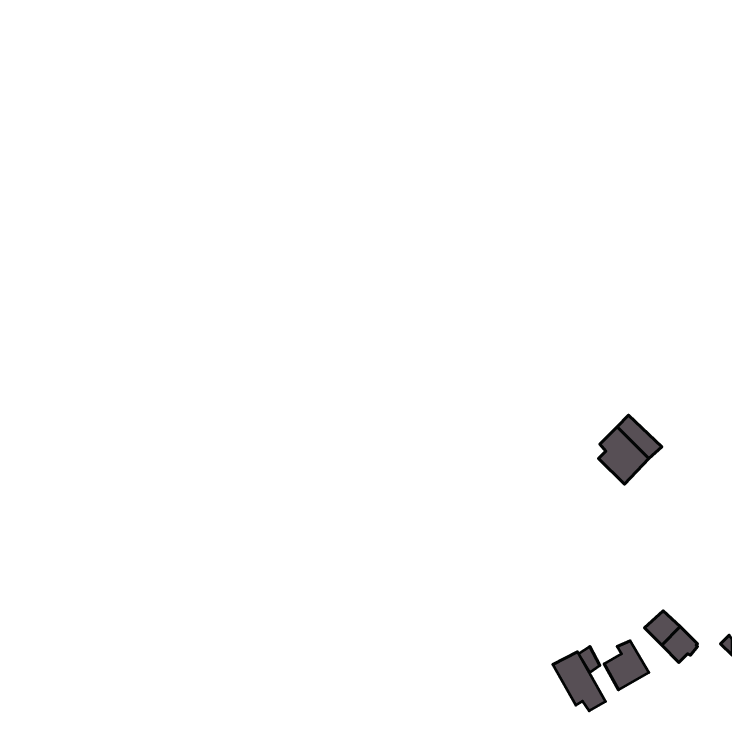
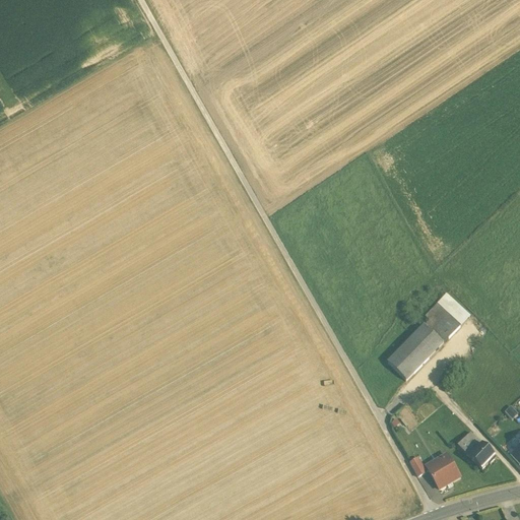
building: none -> [387,324,442,379]
building: [553,652,606,711] -> none

